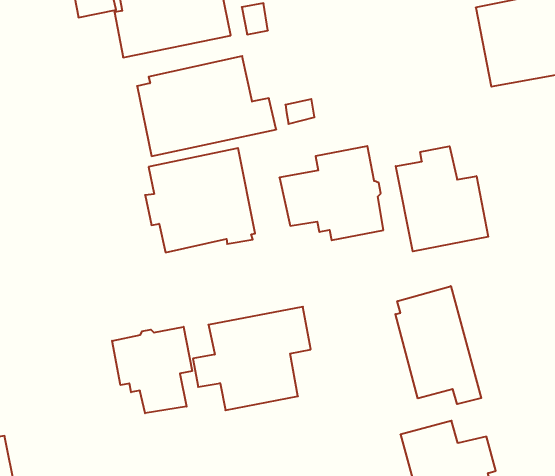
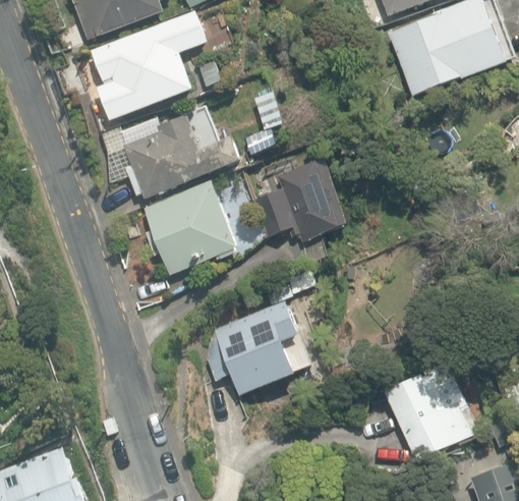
building: [396,146,488,251] -> none
building: [395,286,481,404] -> none
building: [112,327,192,413] -> none

